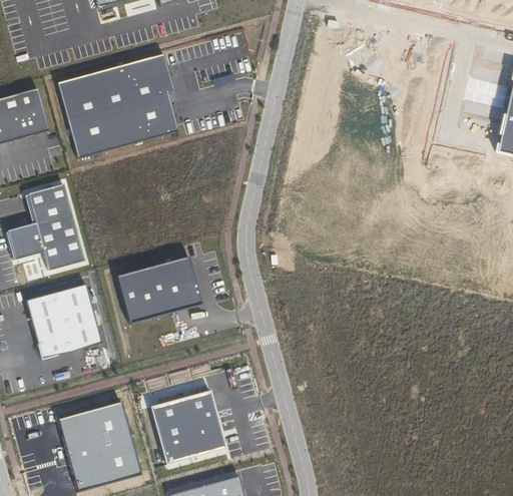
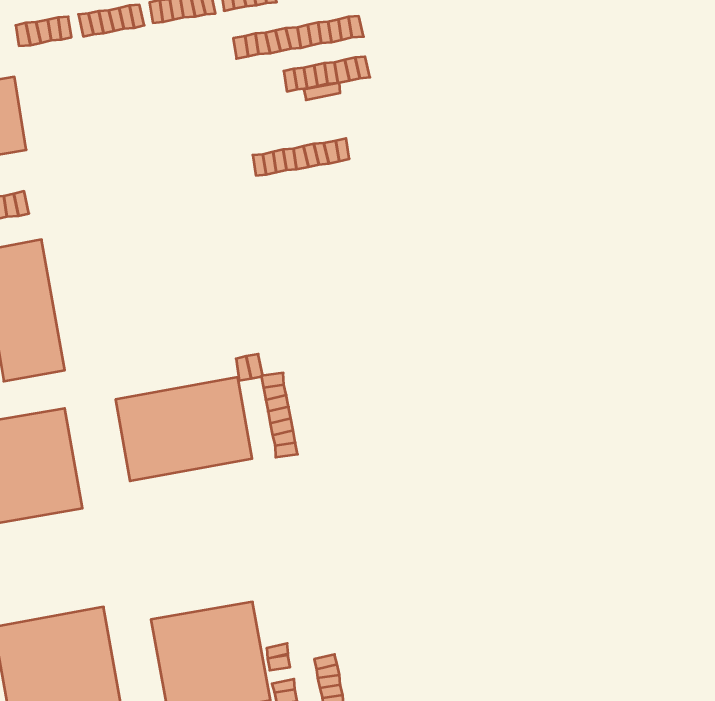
building: [57,54,176,156] -> none

